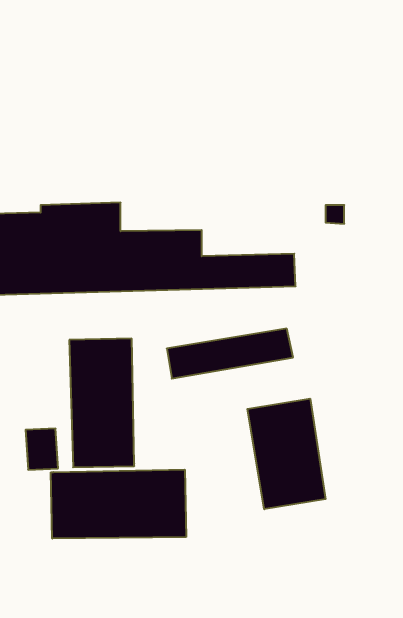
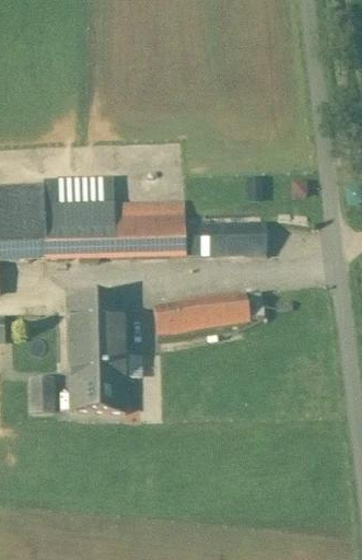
building: [247,399,326,509] -> none
building: [51,470,186,539] -> none

